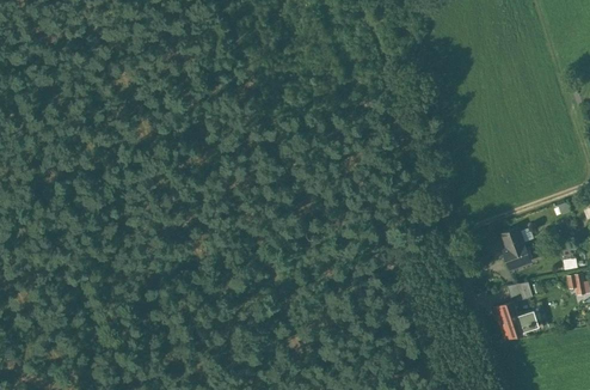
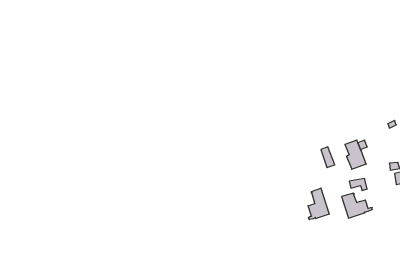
building: none -> [308,188,329,220]

